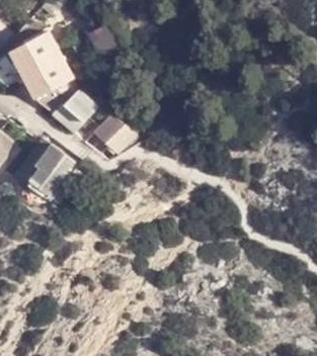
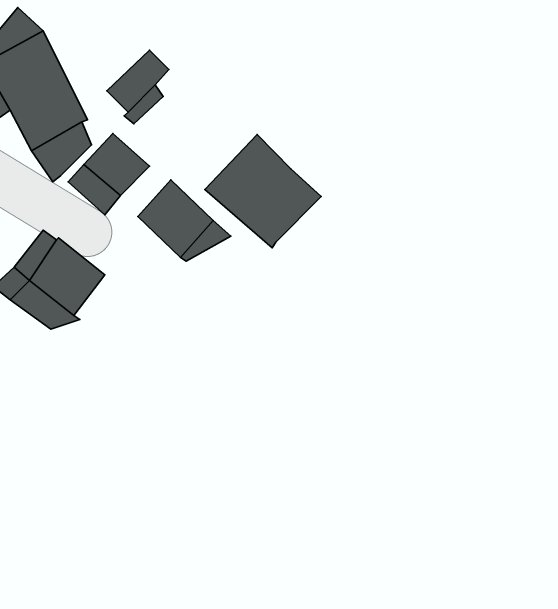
building: none -> [205,135,321,248]

